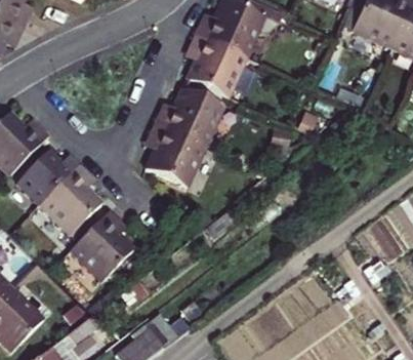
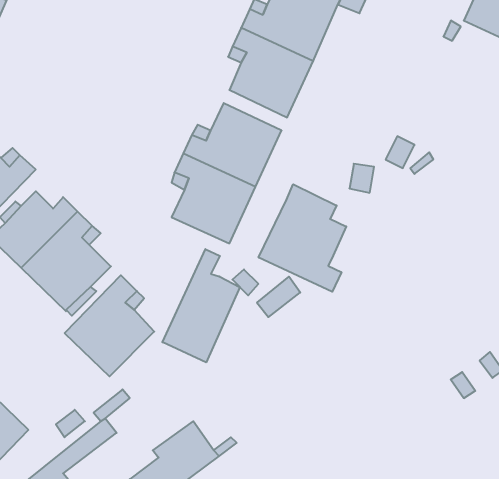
building: none -> [259,184,346,292]
building: none -> [162,249,240,362]

